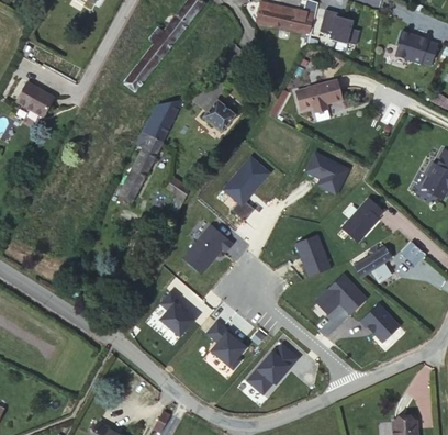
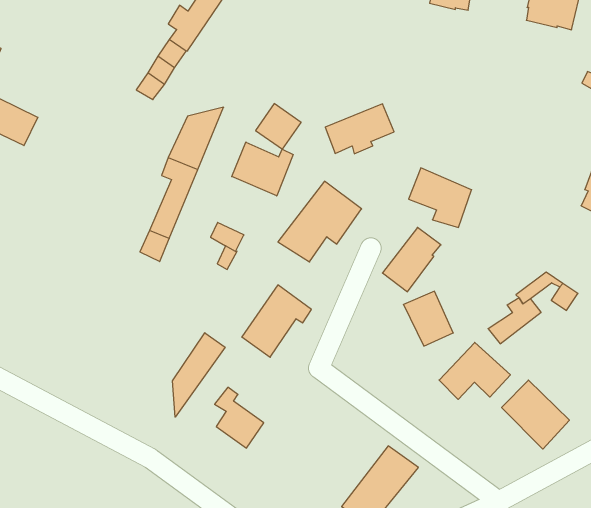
building: [295,78,343,111] -> [325,104,394,154]
building: none -> [232,142,293,196]
building: [343,198,384,242] -> [382,227,441,292]
building: none -> [173,333,225,417]
building: [206,322,246,366] -> none

